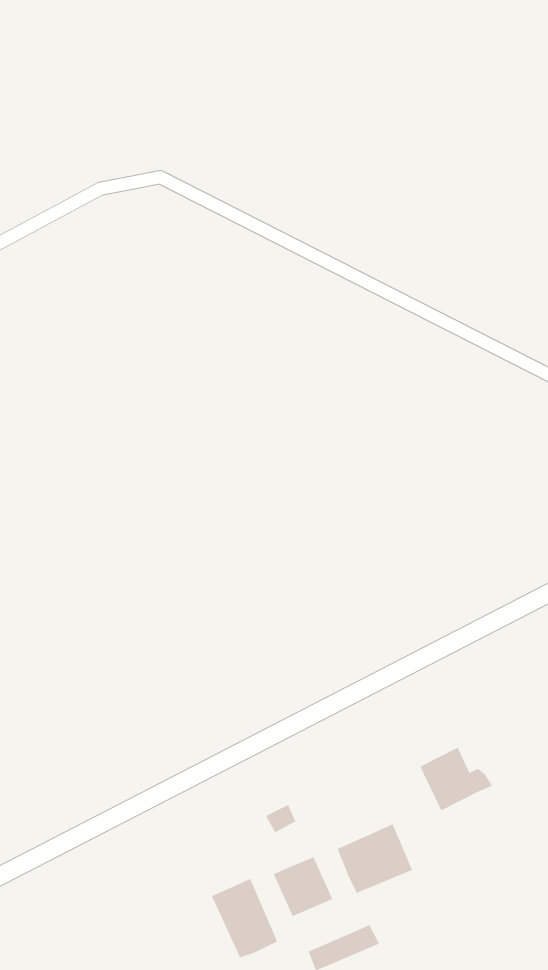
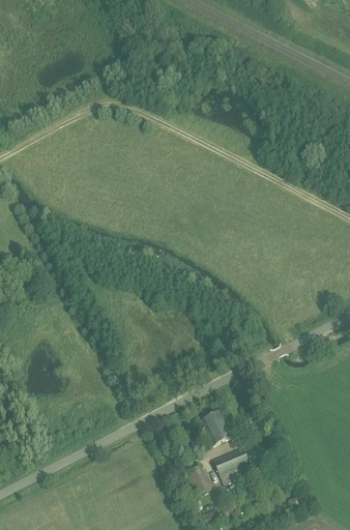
building: [419,747,493,811] -> [200,409,239,443]
building: [211,878,278,958] -> none

